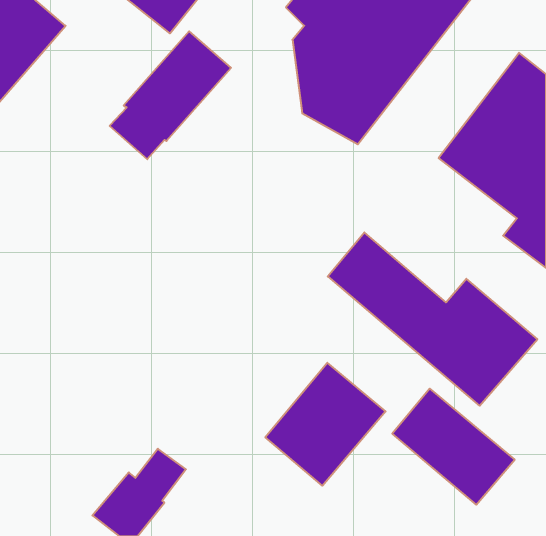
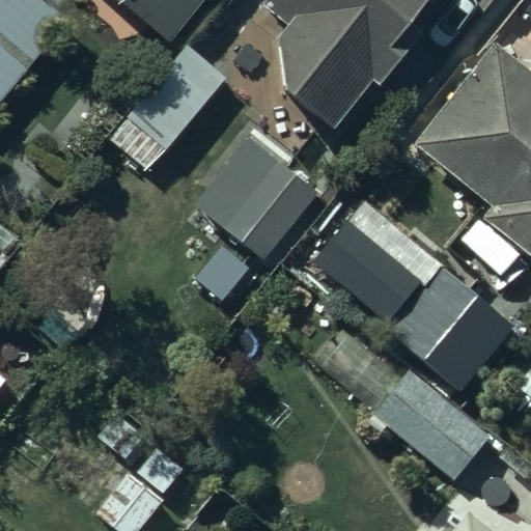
building: none -> [188,120,316,255]
building: [265,363,386,486] -> none

